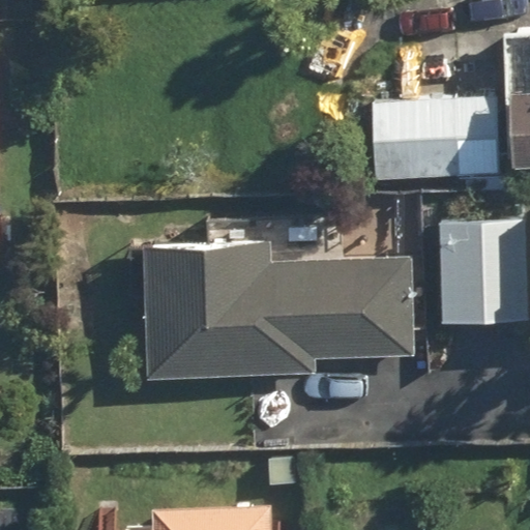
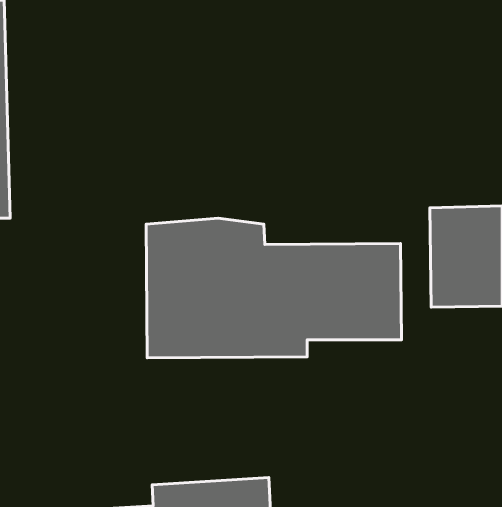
building: [371,98,495,179] -> none

